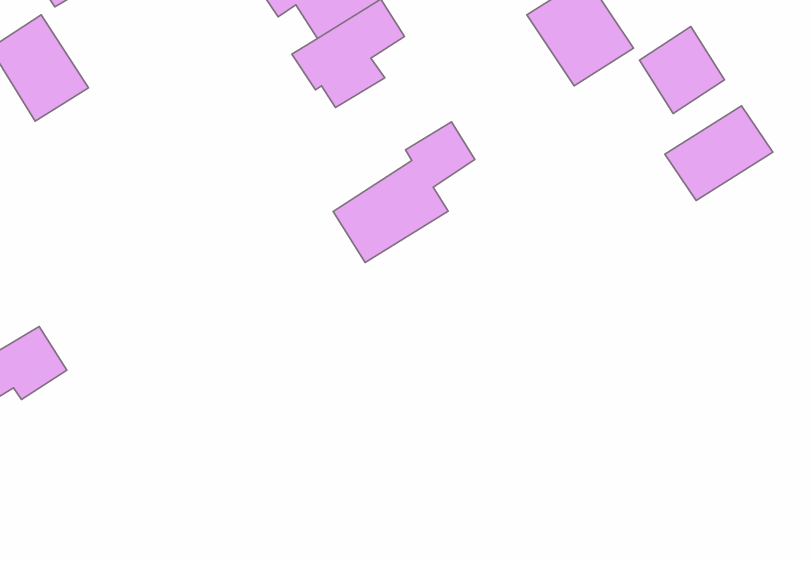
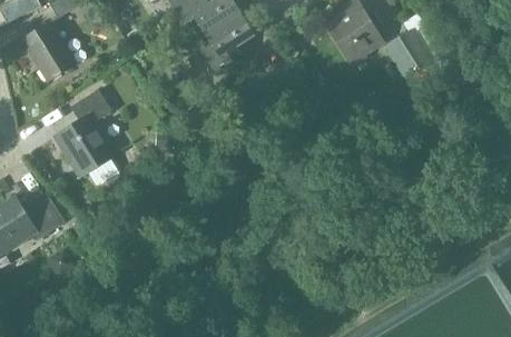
building: [665,106,773,200] -> none
building: [333,122,475,263] -> none
building: none -> [56,89,116,177]

